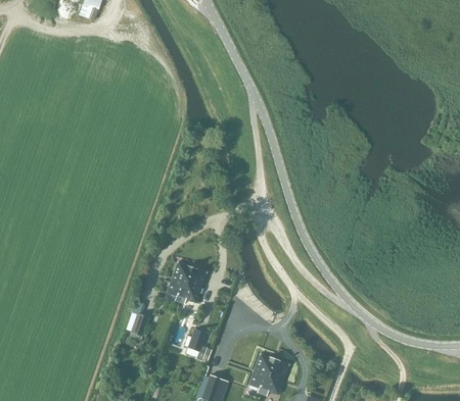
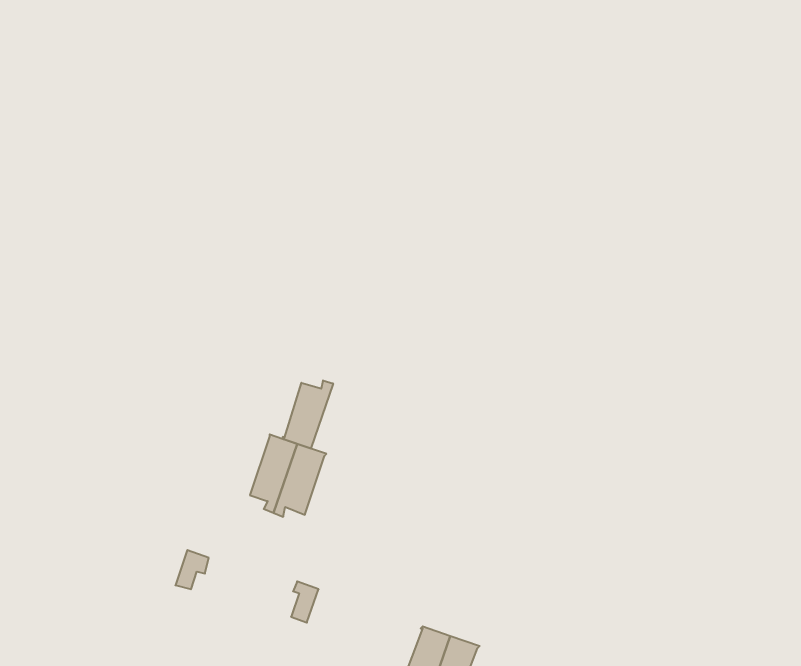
building: none -> [283,380,333,448]

